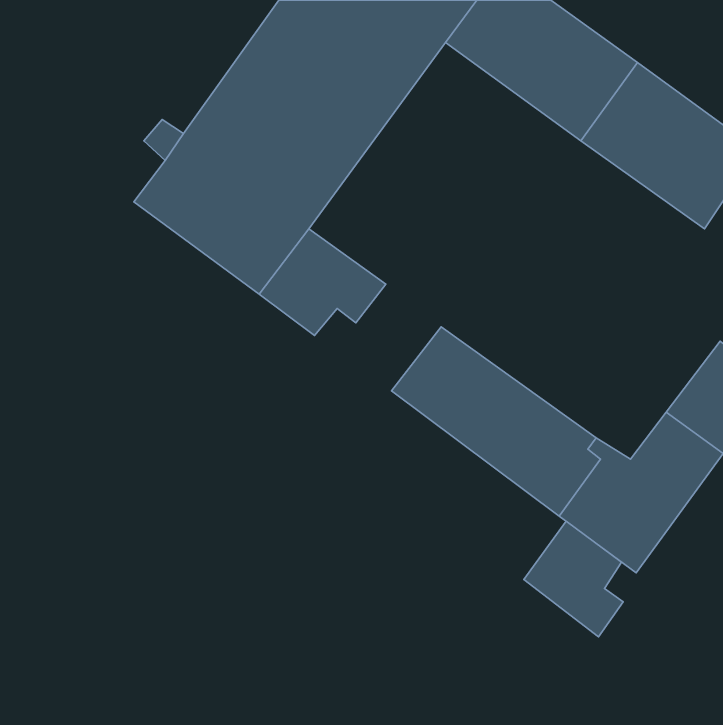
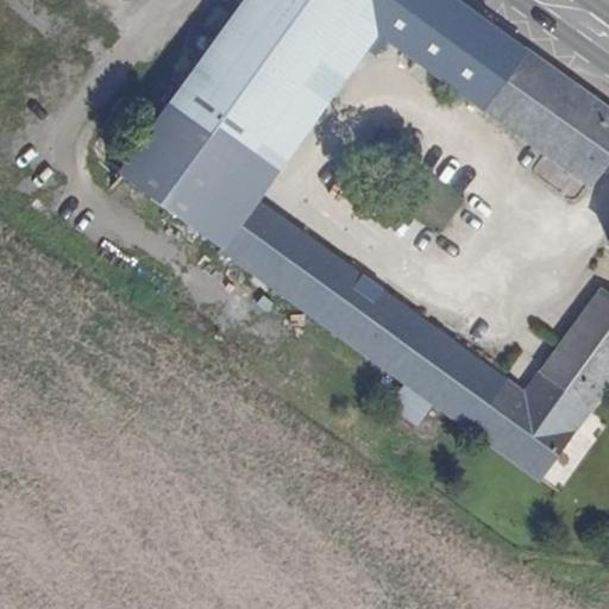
building: none -> [266,239,372,328]
building: [524,521,623,637] -> none

